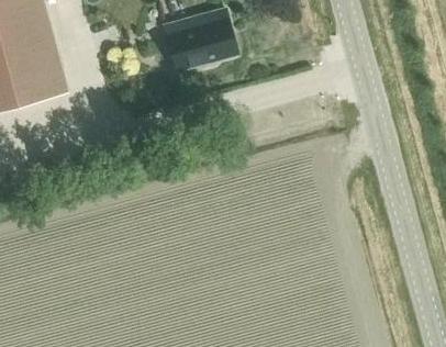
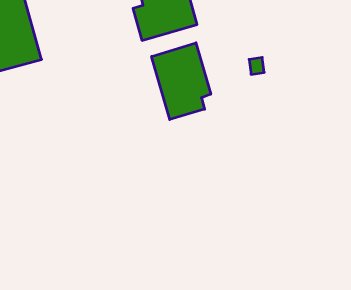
building: none -> [152,43,211,120]

